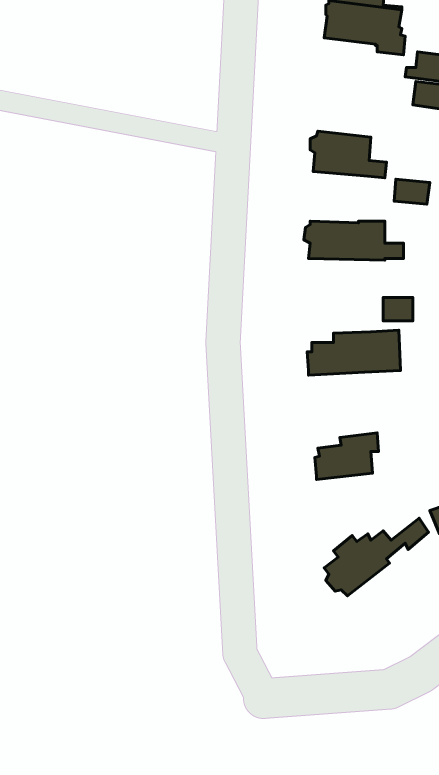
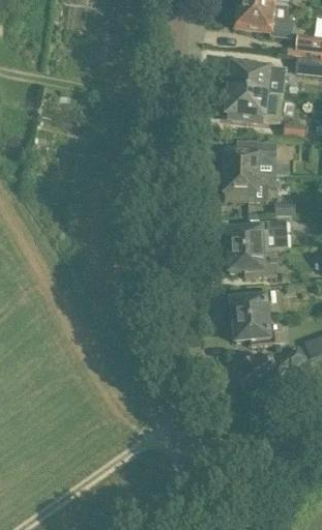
building: none -> [230,61,283,92]
building: none -> [223,173,277,200]
building: none -> [227,248,277,275]
building: none -> [232,316,277,345]

